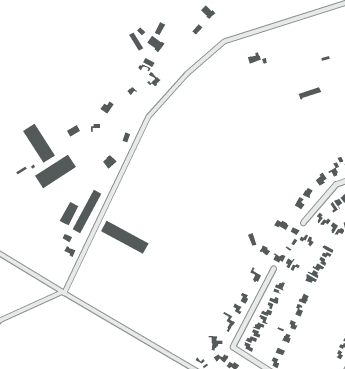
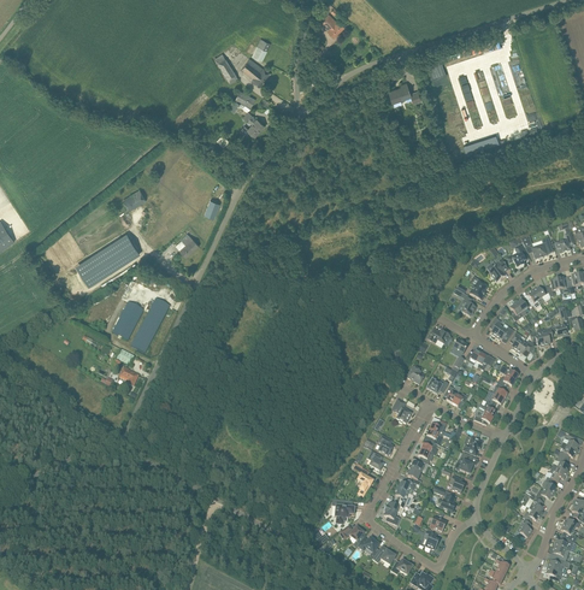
building: [22,123,56,164] -> none
building: [100,220,150,255] -> none

